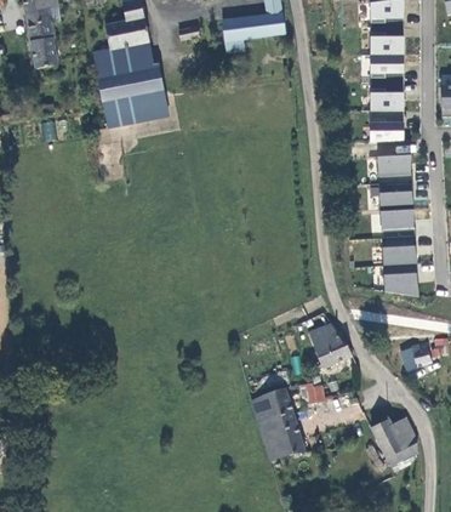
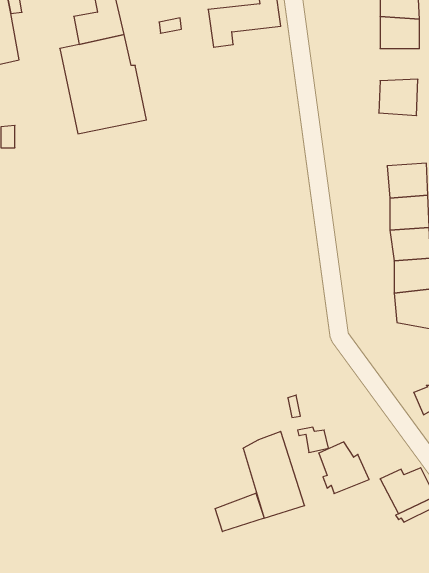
building: [370,53,404,81] -> none
building: [369,109,403,144] -> none
building: [308,323,352,368] -> [319,442,369,494]
building: none -> [215,493,264,532]

